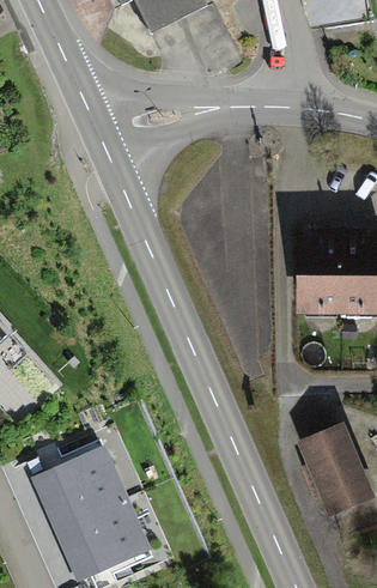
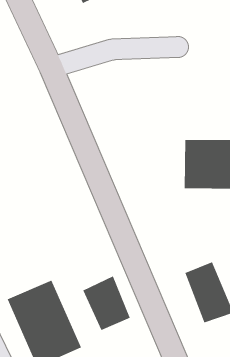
building: none -> [82,275,131,331]

